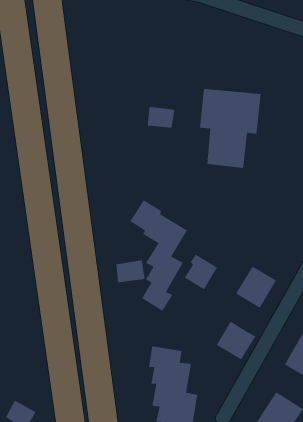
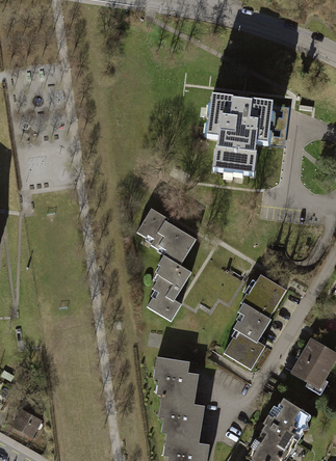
building: [147,106,175,128] -> none
building: [184,254,218,290] -> [233,303,267,340]
building: [116,260,145,283] -> none

